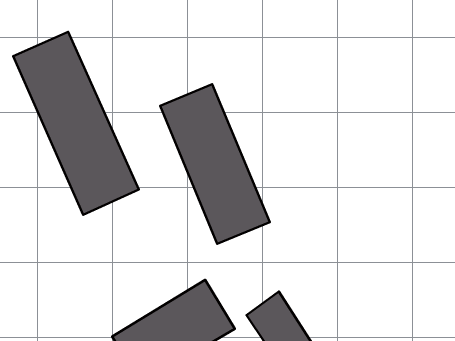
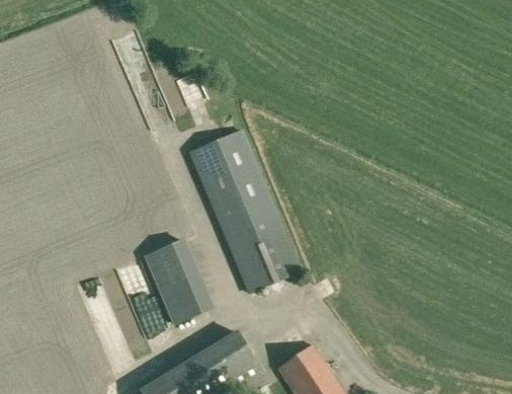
building: [13,32,139,215] -> none
building: none -> [149,234,223,325]

